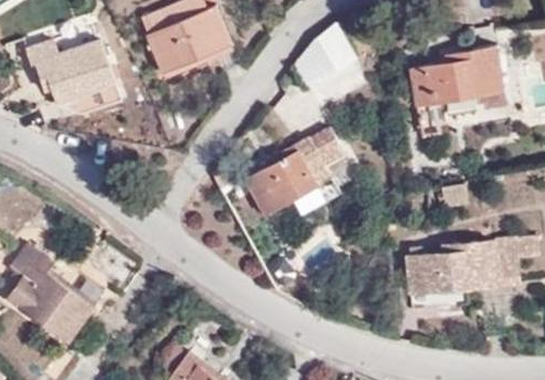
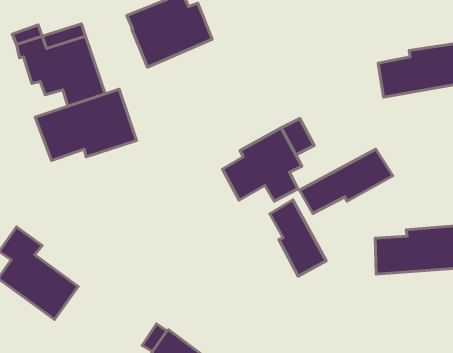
building: none -> [35,89,136,160]
building: none -> [299,149,393,213]
building: none -> [270,200,326,276]

